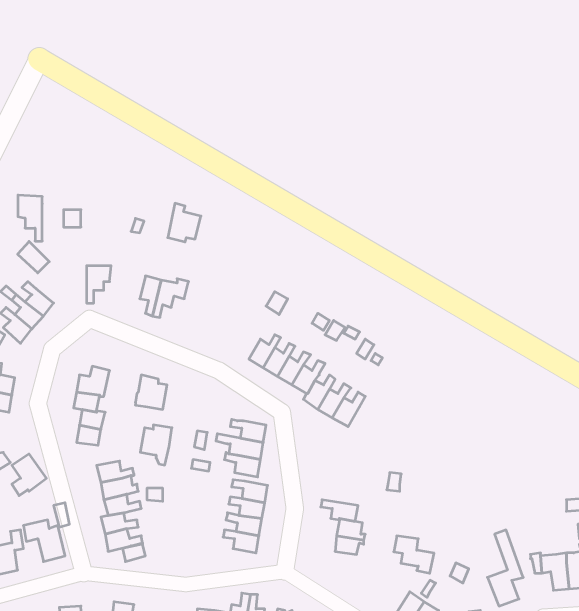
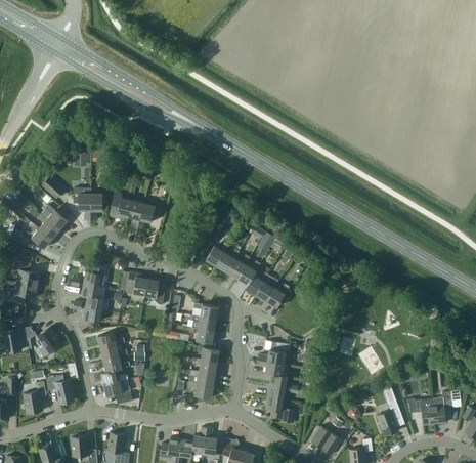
building: [18,195,42,241] -> [73,187,90,220]
building: [168,203,201,242] -> [109,192,132,219]
building: [140,425,172,465] -> [144,277,167,305]
building: none -> [258,341,289,365]
building: [394,536,434,573] -> [265,397,294,424]

